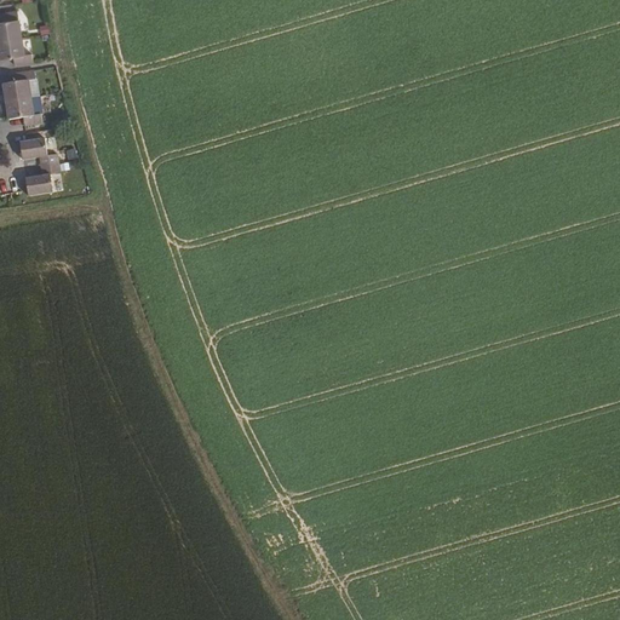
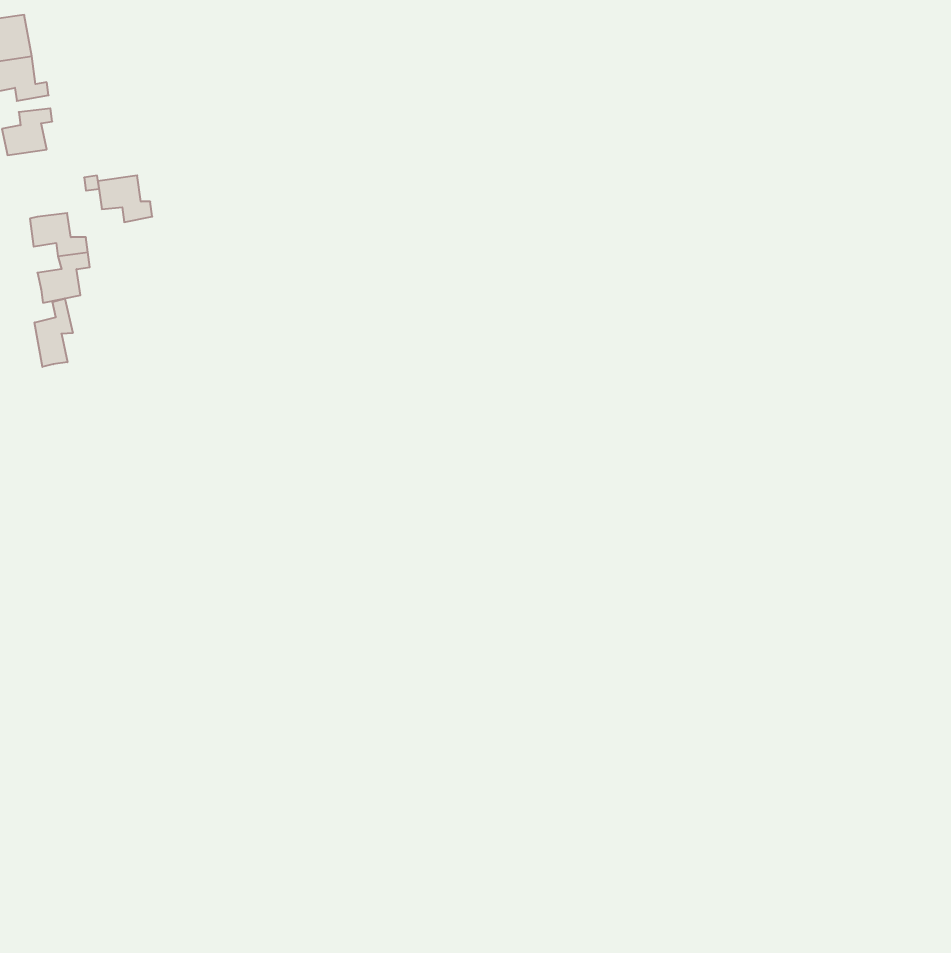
building: [5,97,40,127] -> [98,175,152,222]
building: none -> [35,298,73,367]

